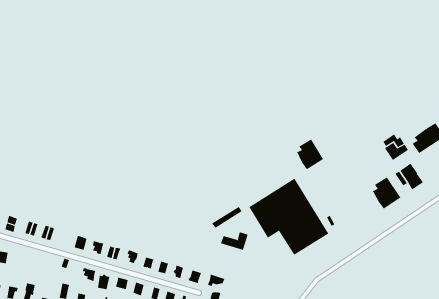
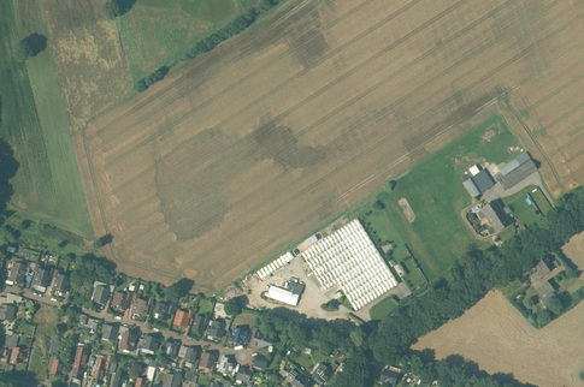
building: [296,139,324,170] -> none
building: [372,176,401,209] -> none

